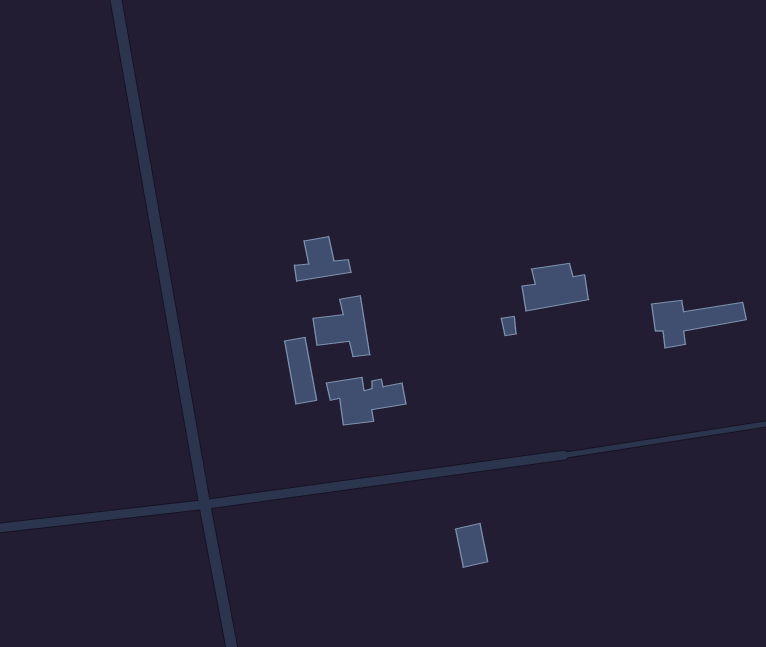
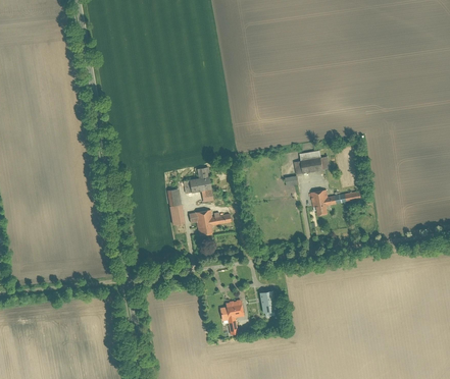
building: [295,236,351,281] -> none
building: [651,300,746,348] -> [311,191,362,216]
building: none -> [220,301,244,335]

